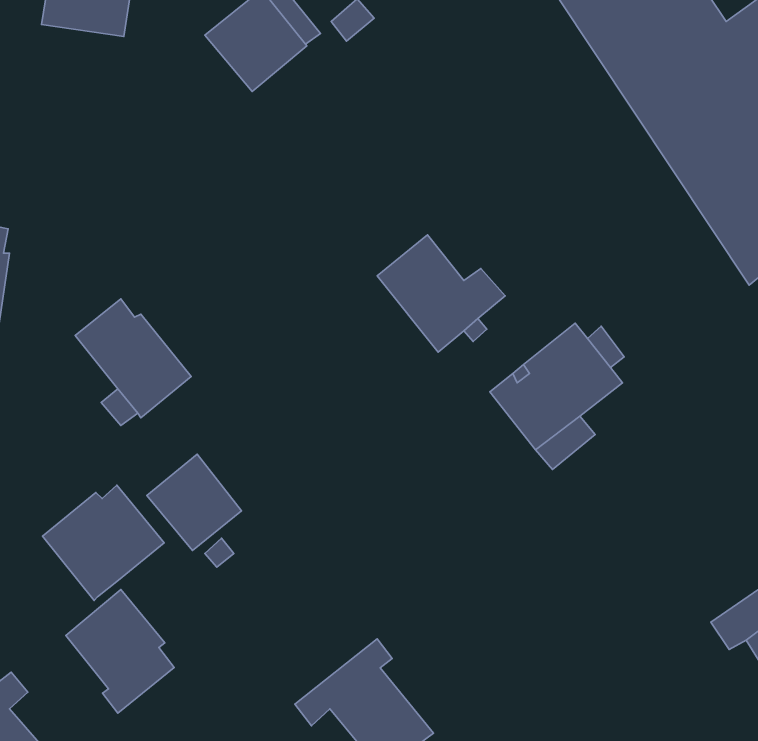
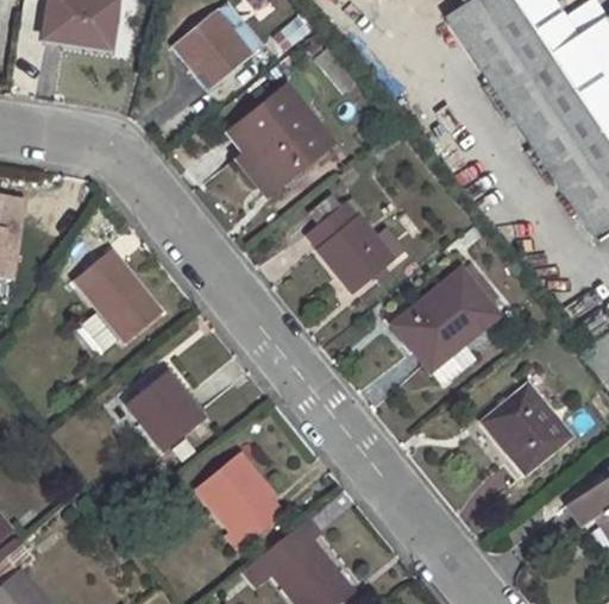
building: none -> [234,87,329,195]
building: none -> [482,383,570,472]
building: [42,485,164,600] -> none
building: [66,590,174,713] -> [196,452,281,548]

